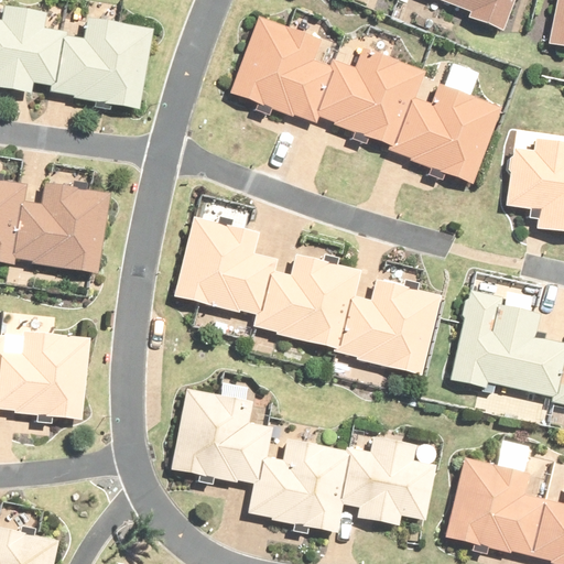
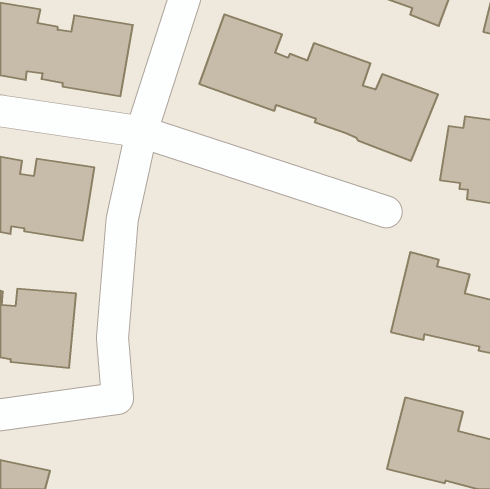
building: [174,214,442,375] -> none
building: [171,383,437,532] -> none

